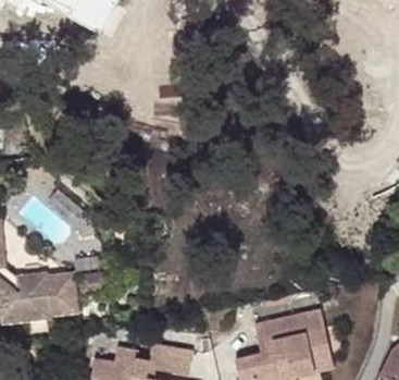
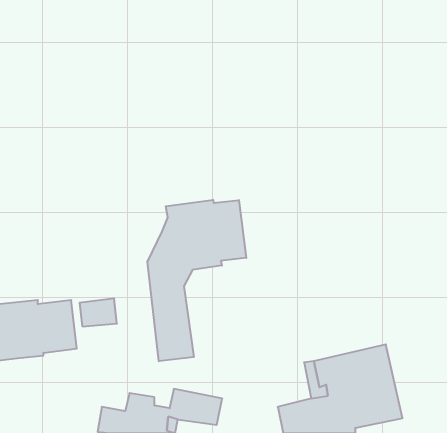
building: none -> [148,200,246,361]

